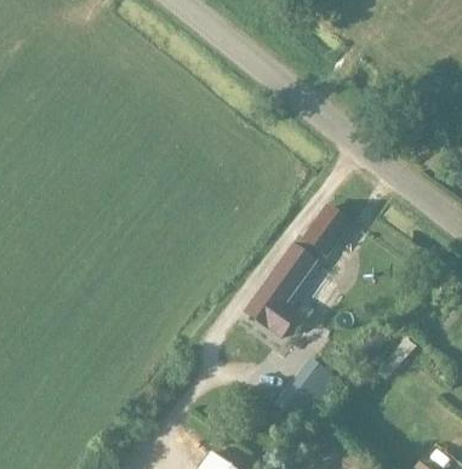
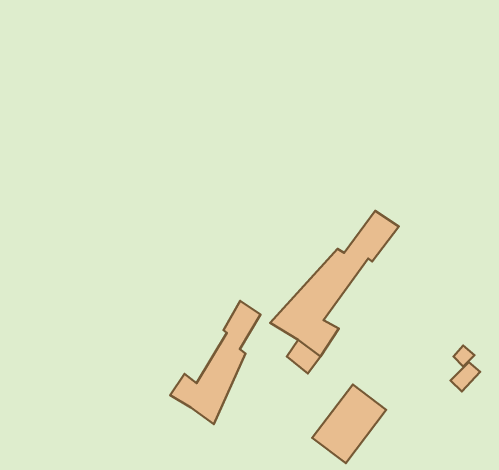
building: none -> [170,301,260,424]

